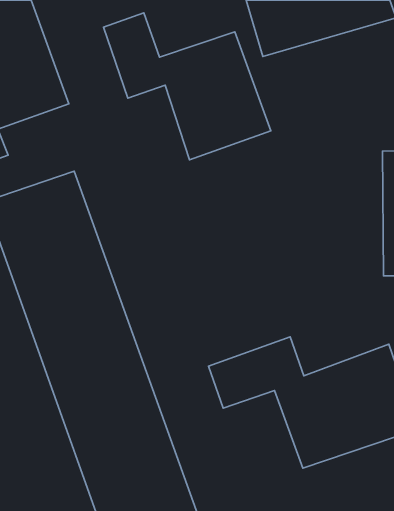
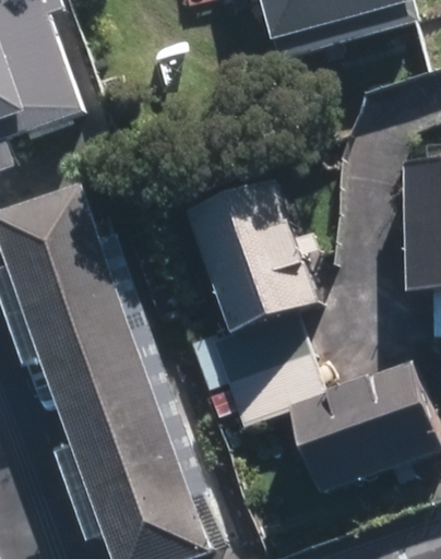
building: [104,13,271,160] -> none
building: none -> [182,178,314,382]

